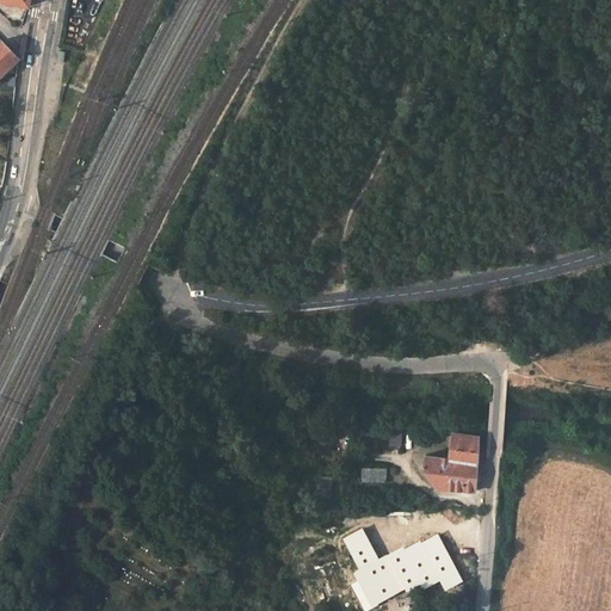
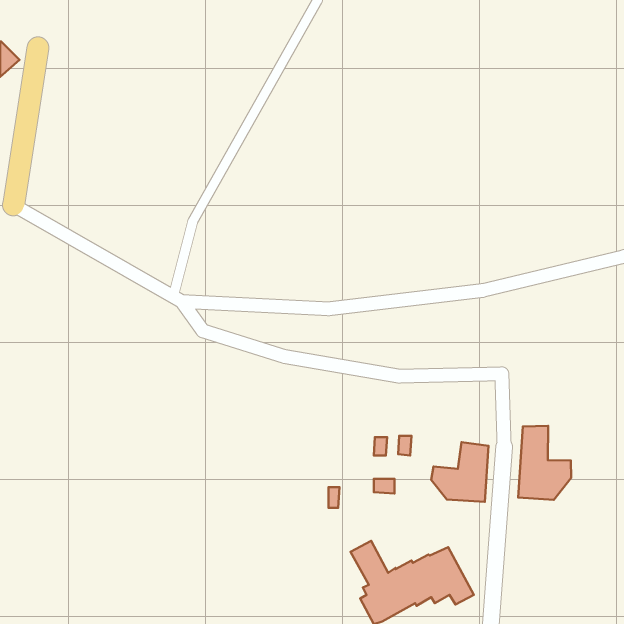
building: none -> [518,426,571,500]

